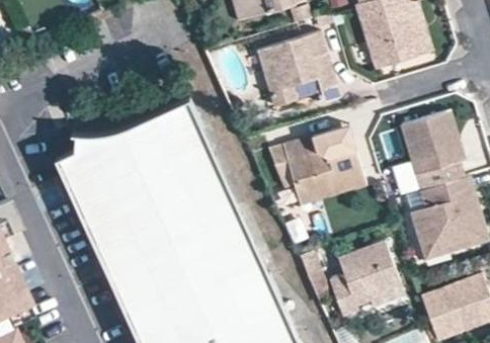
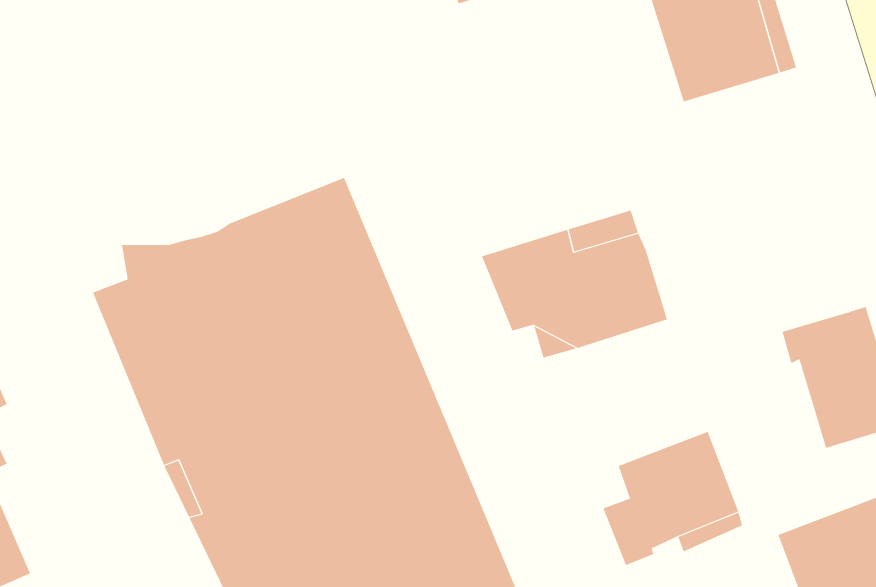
building: [254,31,335,105] -> none
building: [399,109,464,188] -> none
building: [410,203,447,256] -> none

